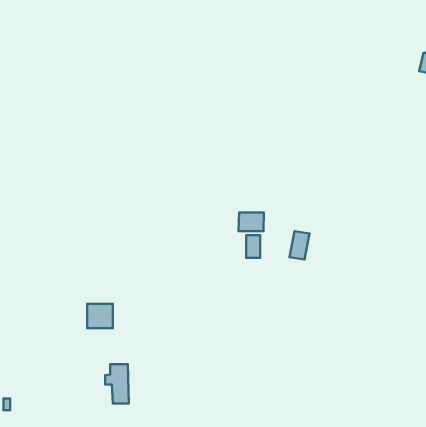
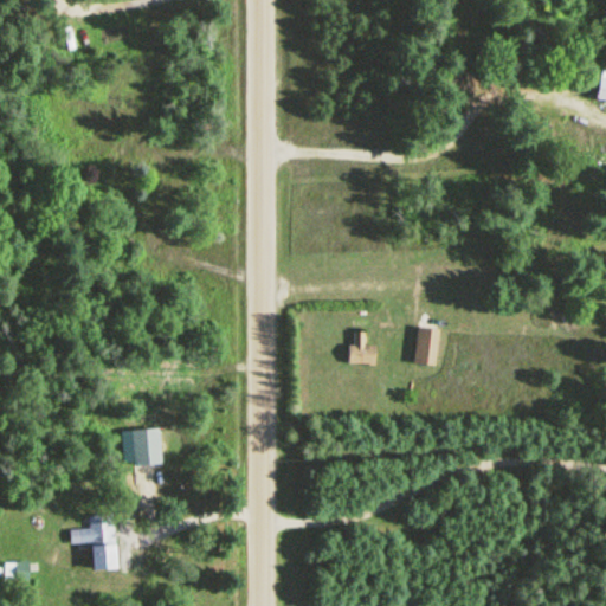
building: [239,212,264,231] -> none
building: [105,364,129,404] -> [84,515,117,570]

